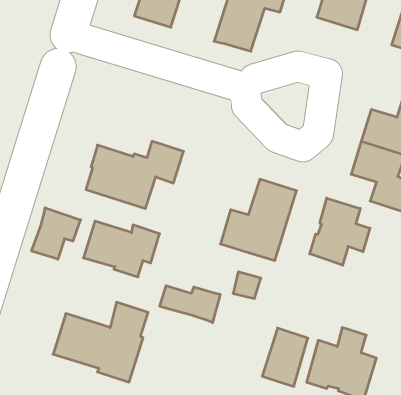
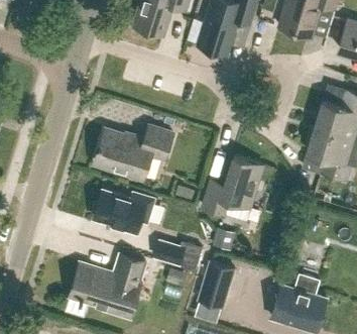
building: [310,198,370,265] -> none
building: [32,208,81,259] -> none
building: [262,328,308,386] -> [198,260,234,307]

